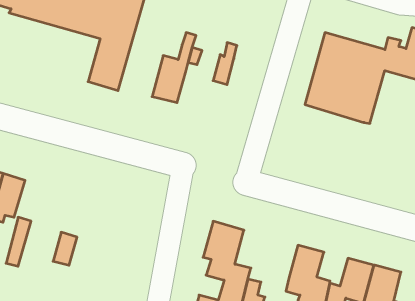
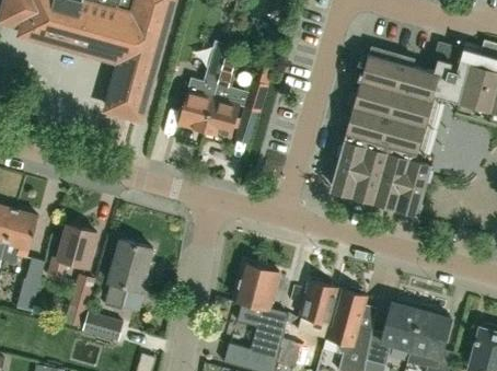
building: none -> [205,96,240,139]
building: none -> [330,134,431,207]
building: none -> [48,224,96,278]
building: none -> [105,239,152,309]
building: none -> [300,280,337,324]
building: none -> [81,311,124,341]

